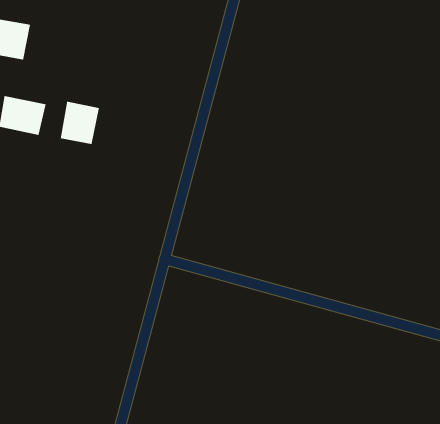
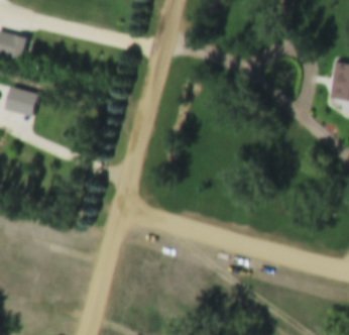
building: [60,101,100,145] -> none

